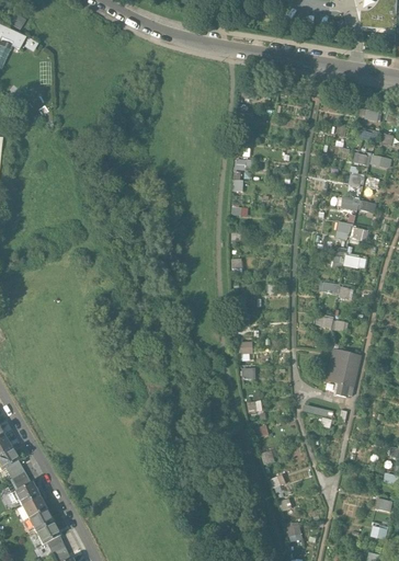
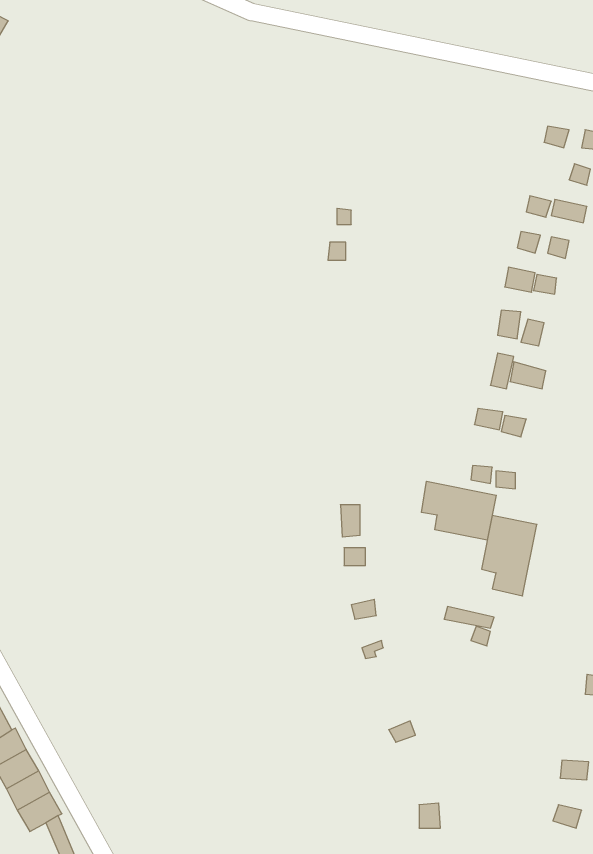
building: none -> [421,481,496,540]

